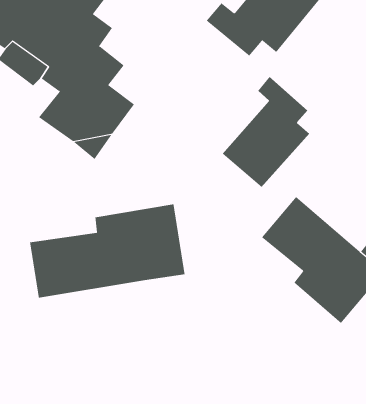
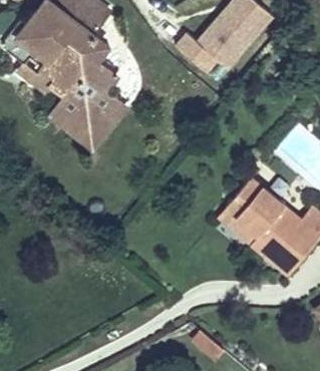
building: [222,76,310,188] -> none
building: [30,203,185,299] -> none

